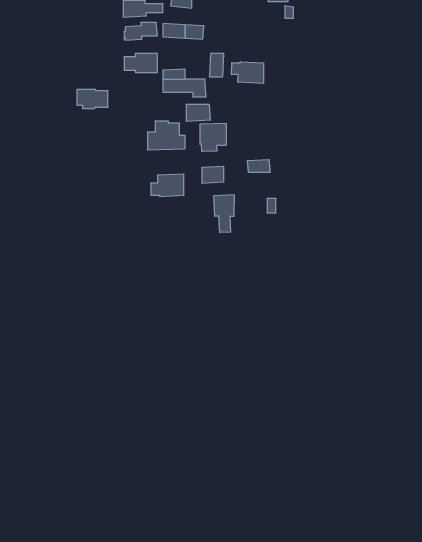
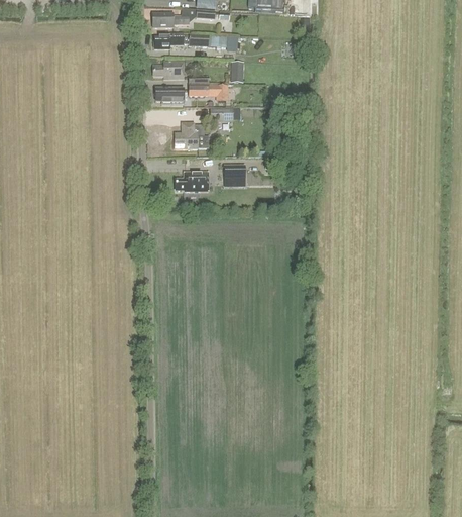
building: [232,62,264,83] -> none
building: [77,90,108,108] -> [154,88,183,105]
building: [200,123,226,152] -> none
building: [214,195,234,233] -> none

